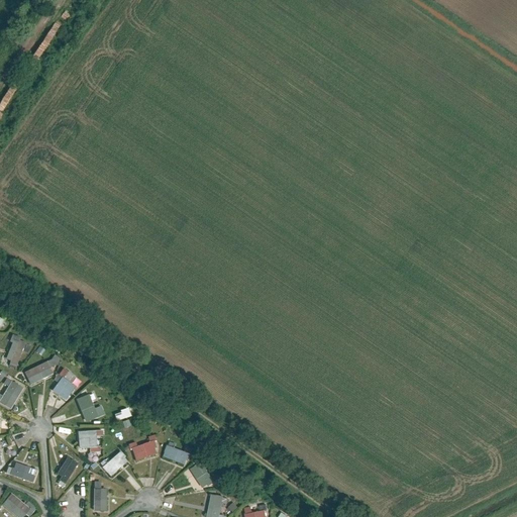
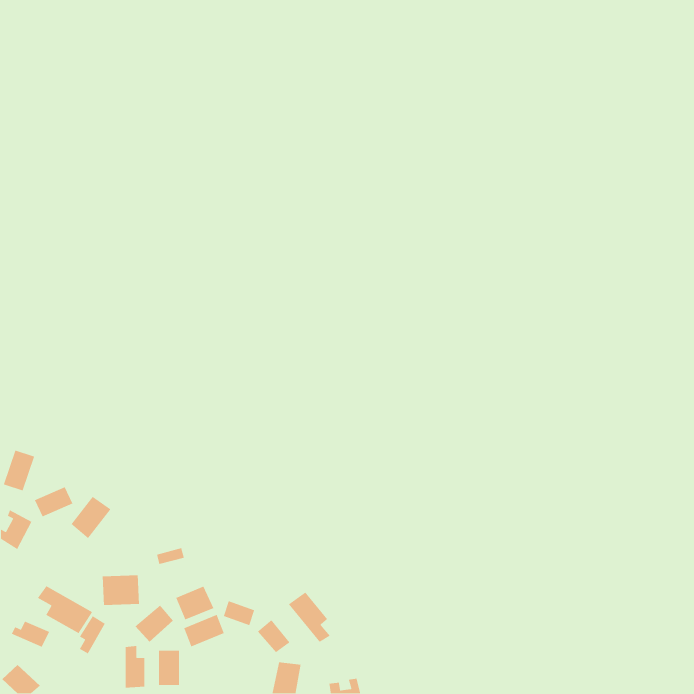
building: [77,394,101,422] -> none
building: none -> [37,585,93,634]
building: none -> [288,592,331,643]
building: none -> [183,614,225,648]
building: none -> [158,650,180,686]

